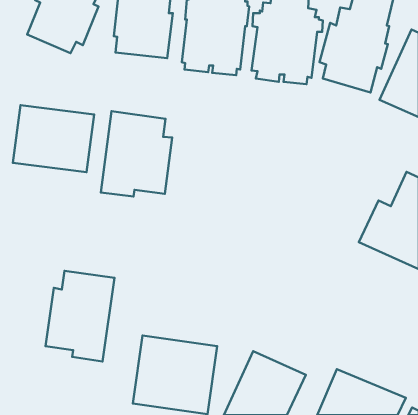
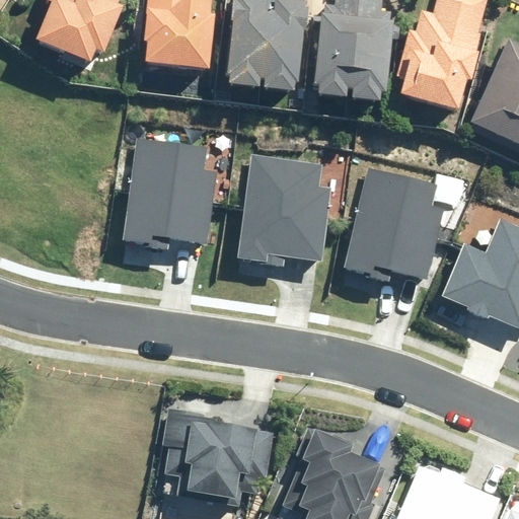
building: [13,105,94,172] -> none
building: none -> [241,155,329,263]
building: none -> [347,167,442,277]
building: [45,271,114,361] -> none

